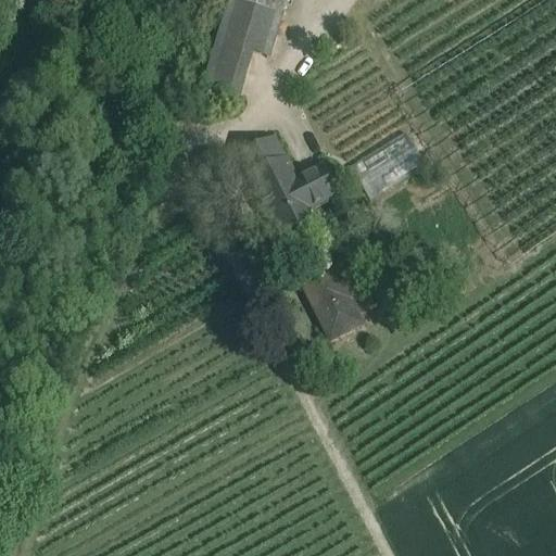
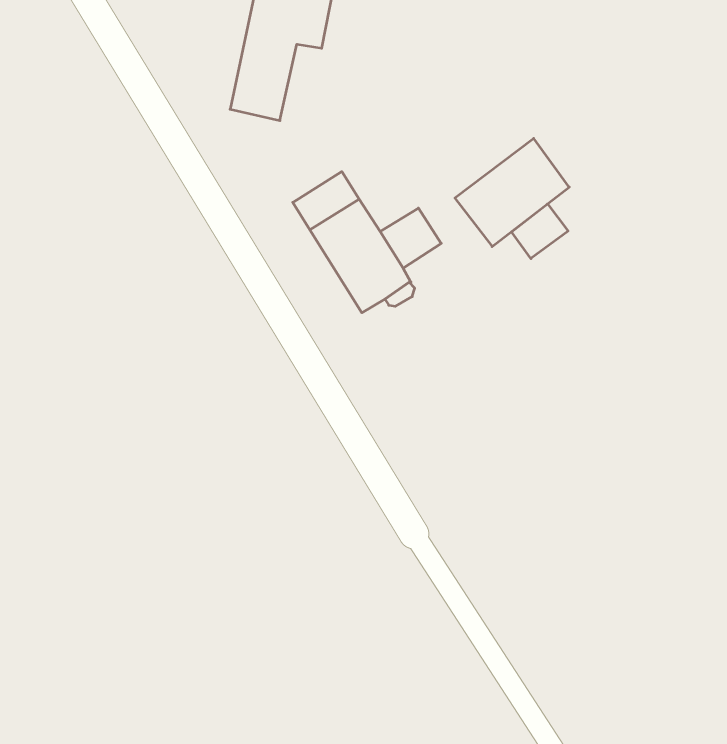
building: none -> [512,204,568,259]
building: [303,255,365,334] -> none

